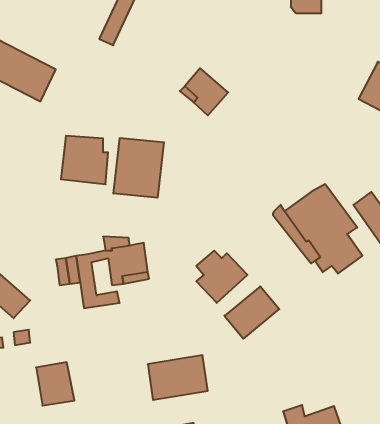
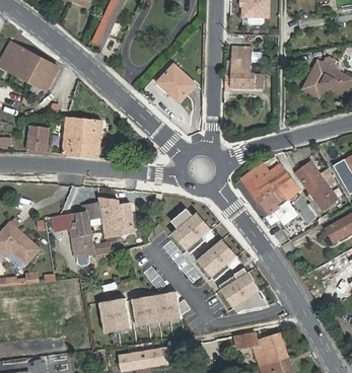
building: none -> [225,40,256,88]
building: [113,138,164,198] -> none
building: none -> [26,125,49,150]
building: none -> [220,269,266,313]
building: [36,362,74,406] -> [99,298,130,332]

